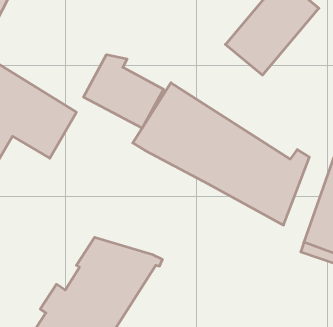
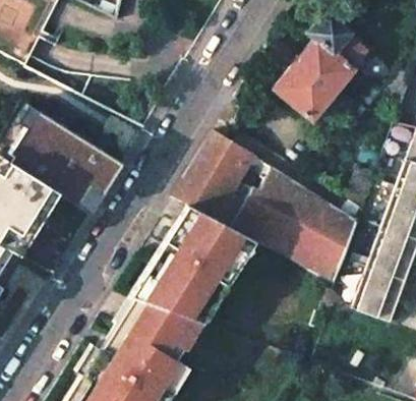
building: [84,55,163,128] -> none
building: none -> [134,203,255,319]

